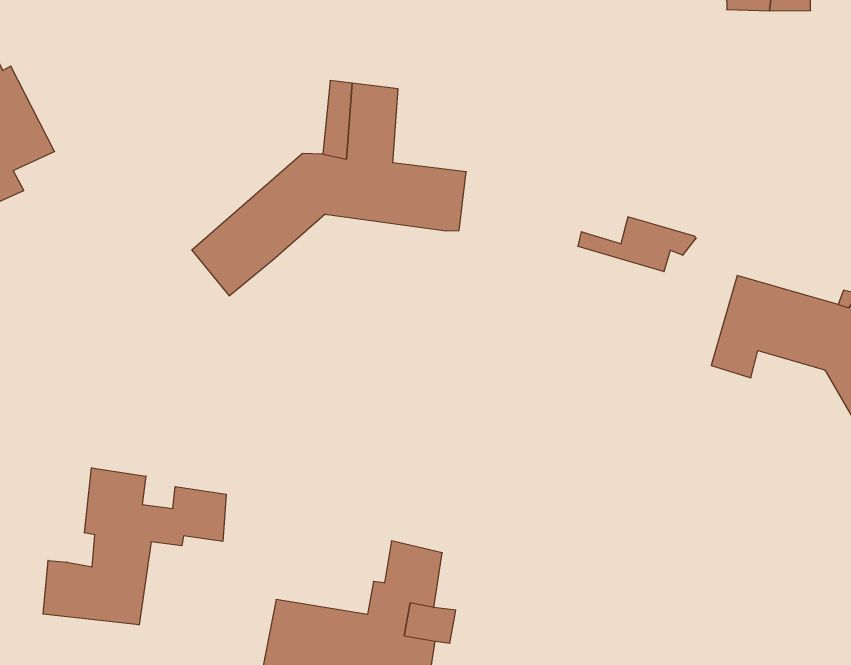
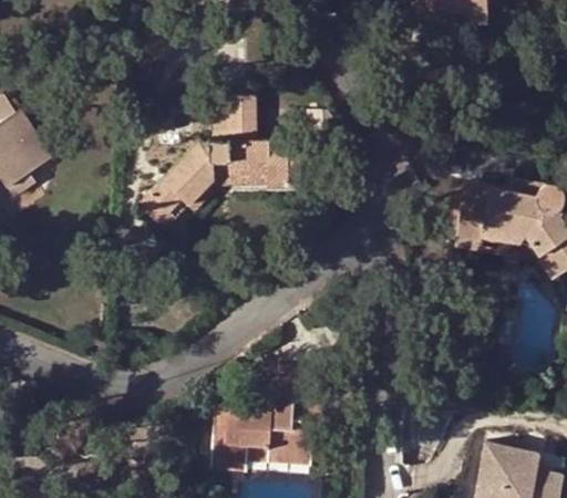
building: none -> [188,176,289,211]
building: [578,217,696,272] -> [455,226,525,256]
building: [43,468,226,625] -> none

